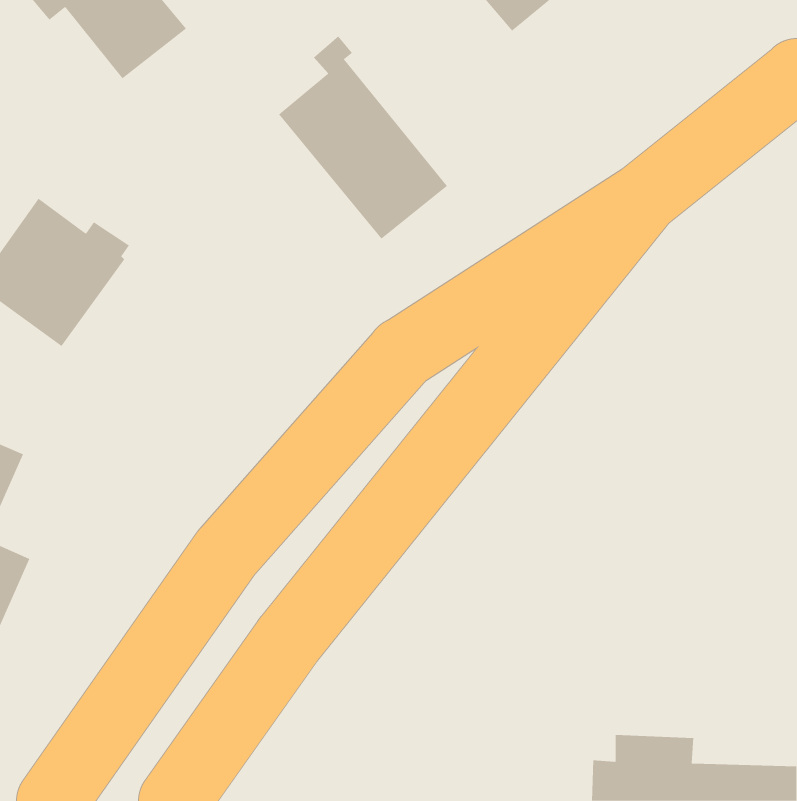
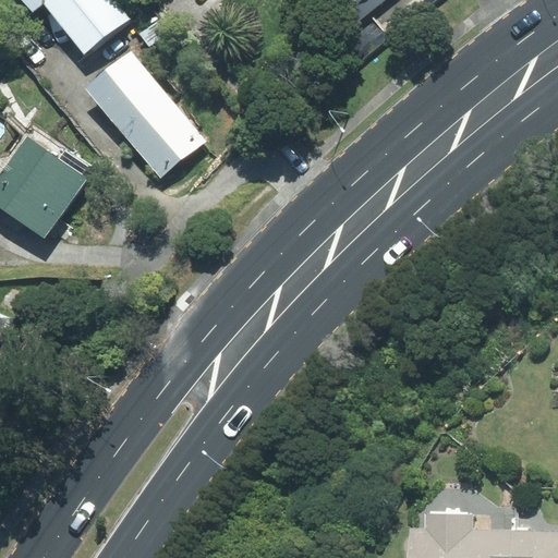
building: [278,35,448,240] -> [87,37,204,178]

